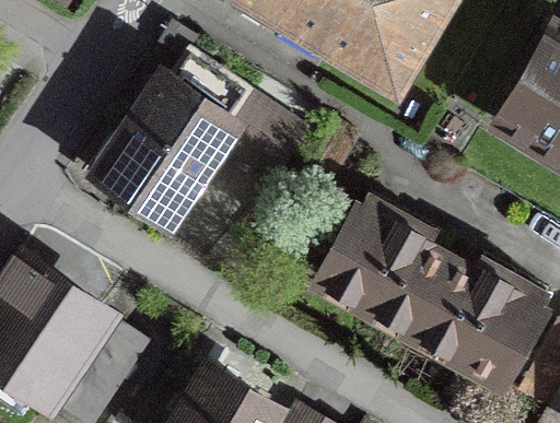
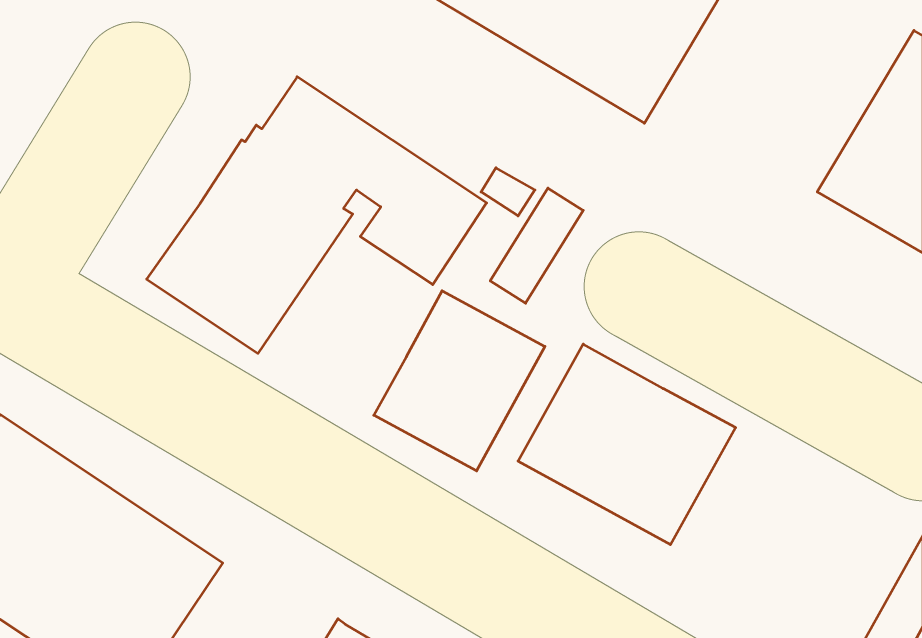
building: none -> [374,291,545,471]
building: [410,262,536,378] -> none

